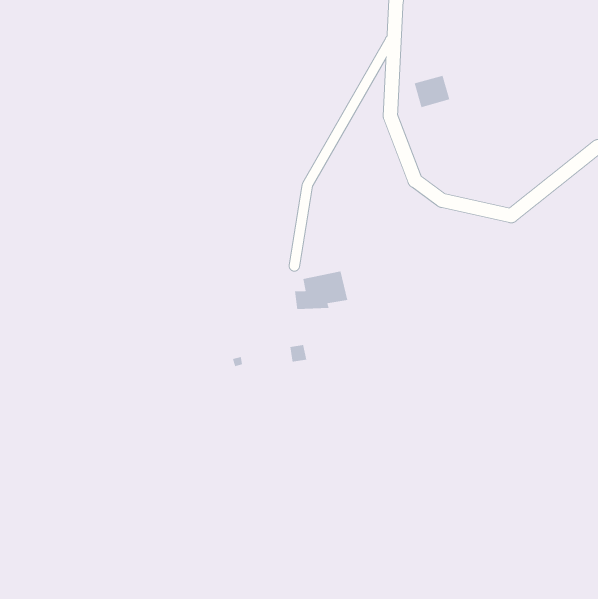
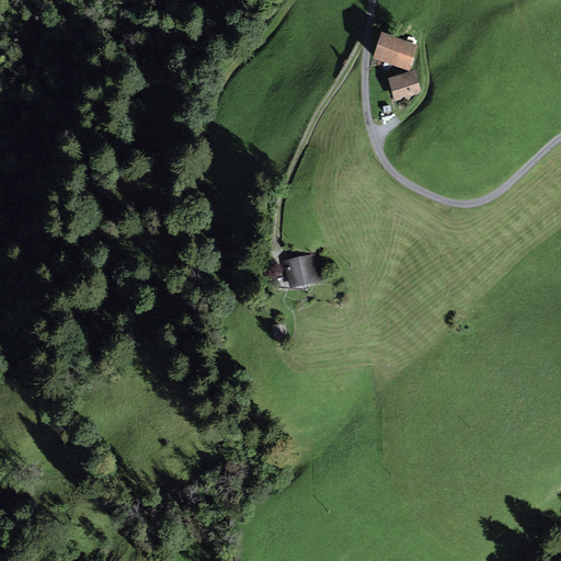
building: none -> [371,32,417,70]

